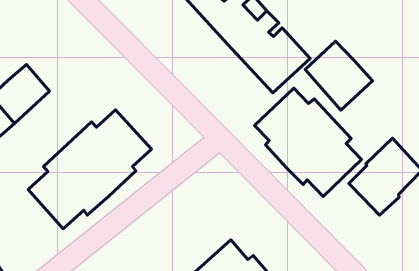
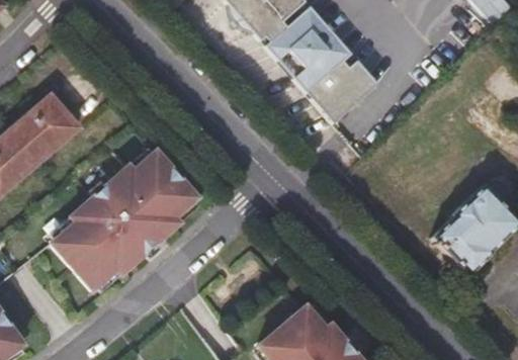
building: [305,41,372,110] -> none
building: [255,88,362,197] -> none

